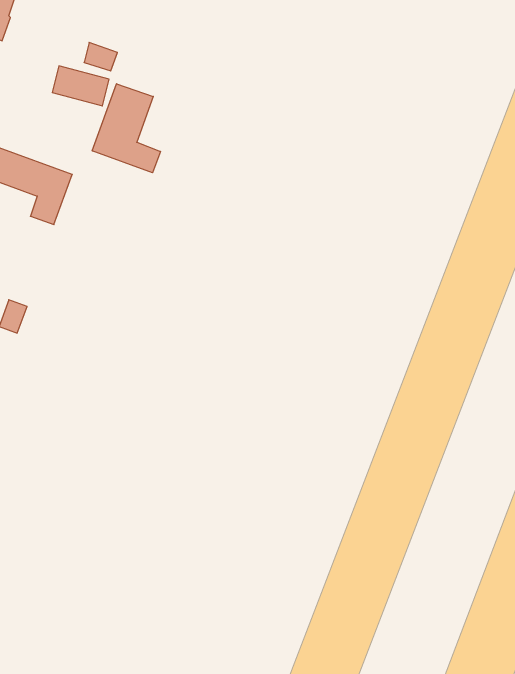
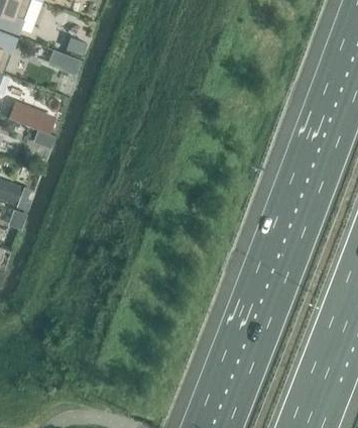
building: [92,84,160,173] -> none

